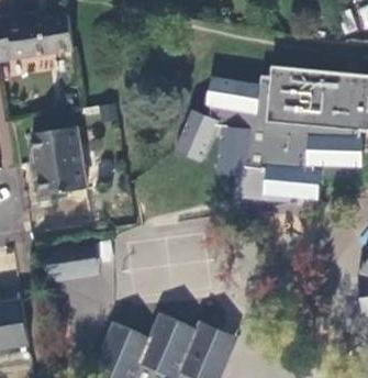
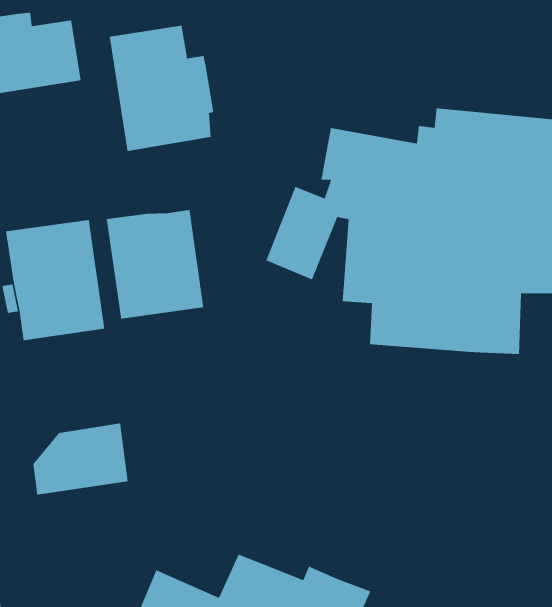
building: none -> [109,25,214,152]
building: none -> [106,209,204,320]

